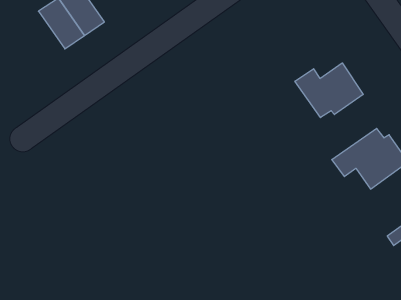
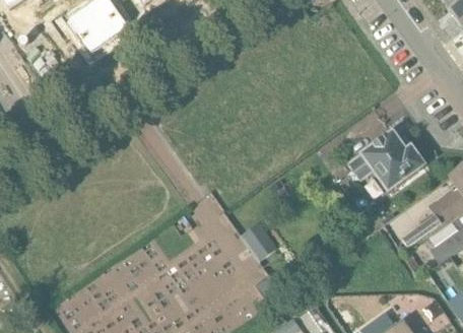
building: [295,63,363,118] -> none
building: none -> [241,221,276,260]

